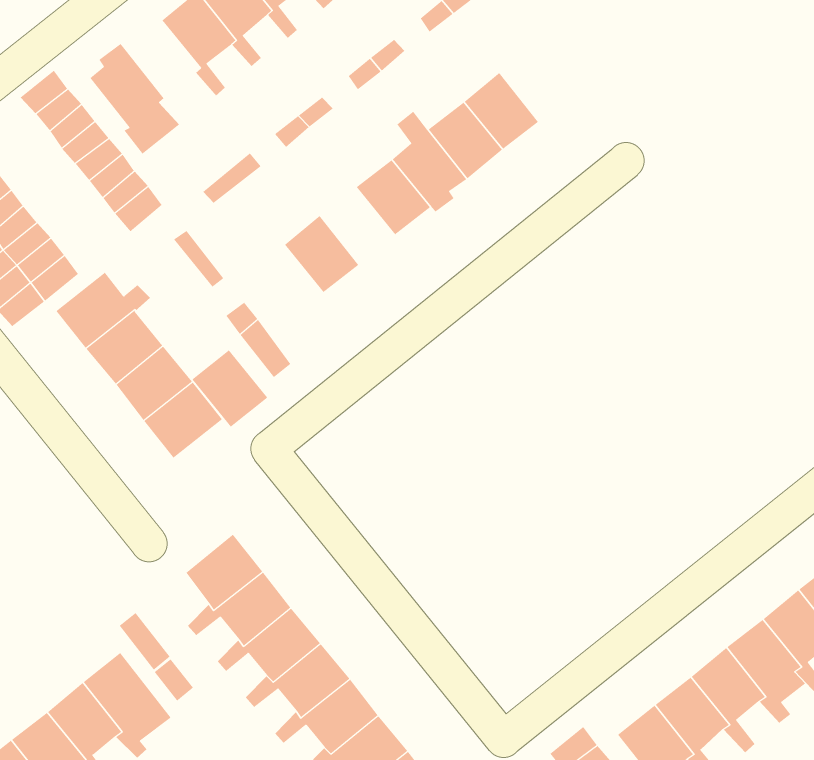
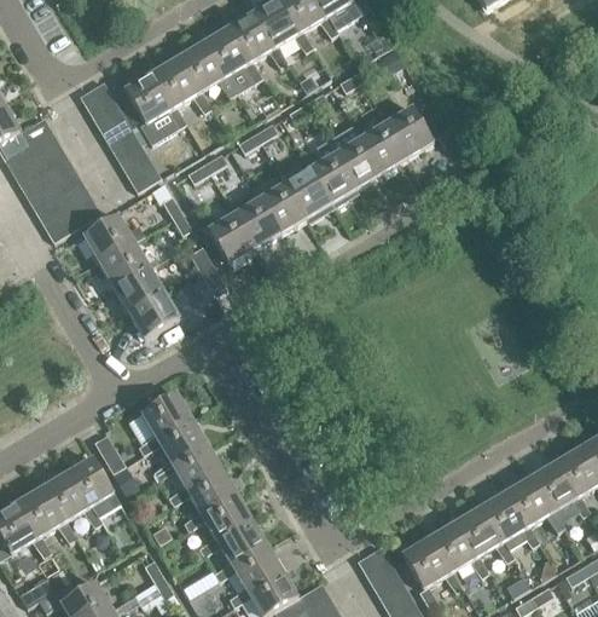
building: none -> [150,59,196,127]
building: none -> [385,106,432,157]
building: none -> [259,183,304,232]
building: [191,350,268,427] -> [207,213,254,263]

